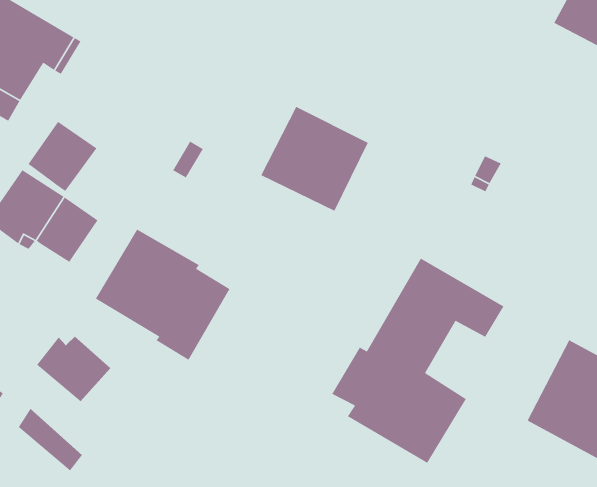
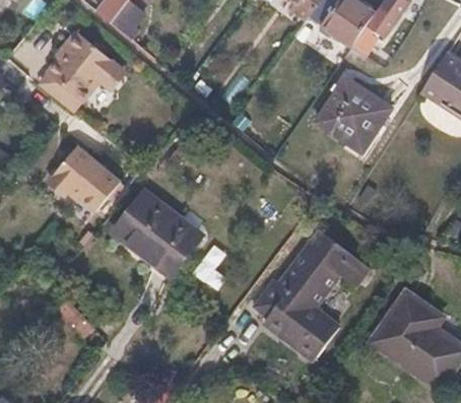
building: [260,106,369,212] -> [318,80,388,149]
building: [28,121,98,192] -> none
building: [36,336,111,402] -> none

